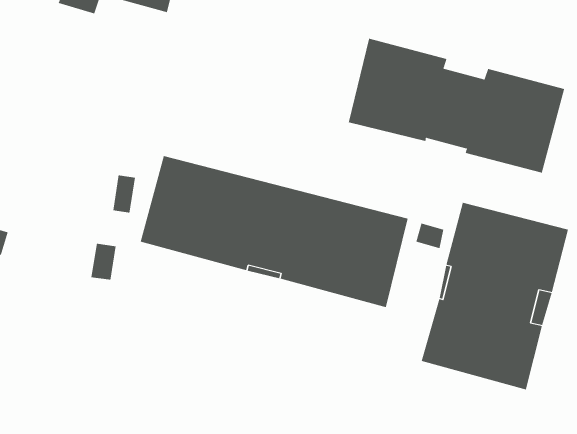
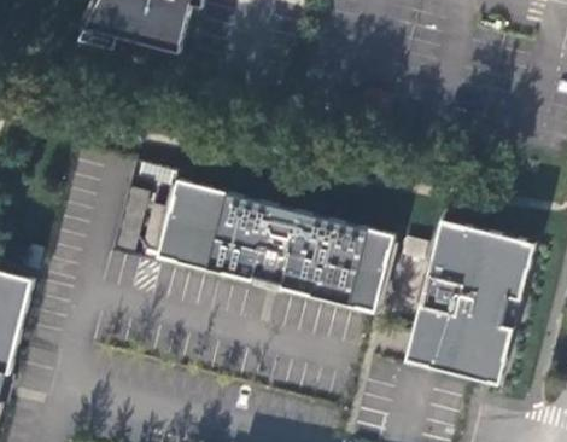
building: [348,38,565,174] -> none

